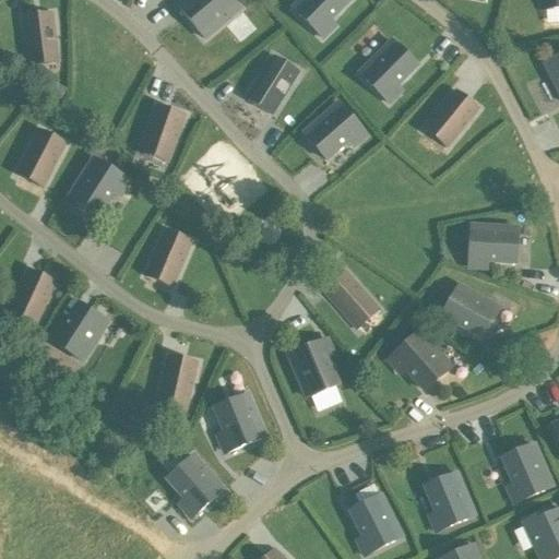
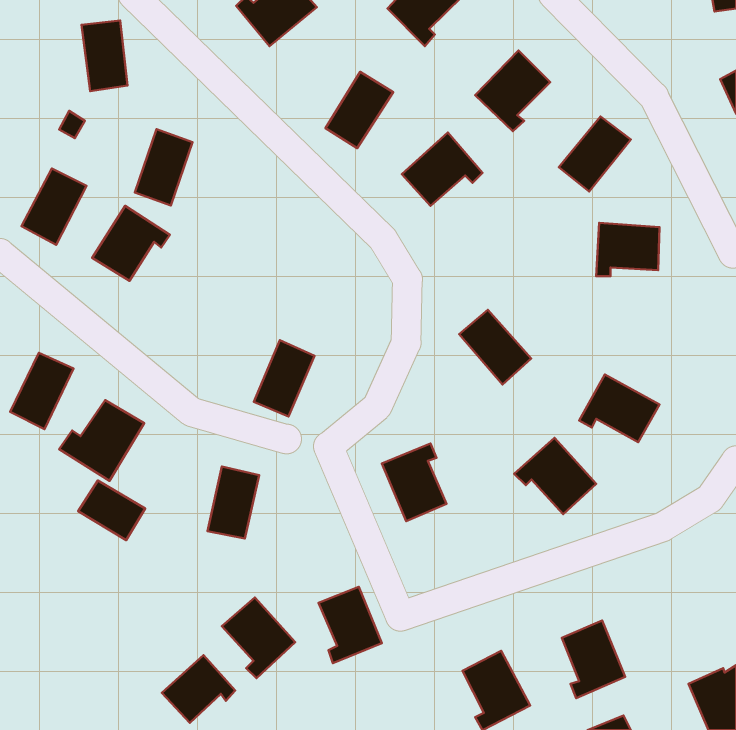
building: [23,11,58,64] -> [81,21,127,91]
building: [141,103,185,160] -> [135,129,192,205]
building: [469,224,518,264] -> [596,223,660,276]
building: [145,227,191,285] -> [254,340,314,416]
building: [324,271,379,328] -> [459,310,531,385]
building: none -> [78,480,145,540]
building: [216,392,264,450] -> [319,587,382,663]
building: [503,442,552,501] -> none
building: none -> [162,655,235,723]

